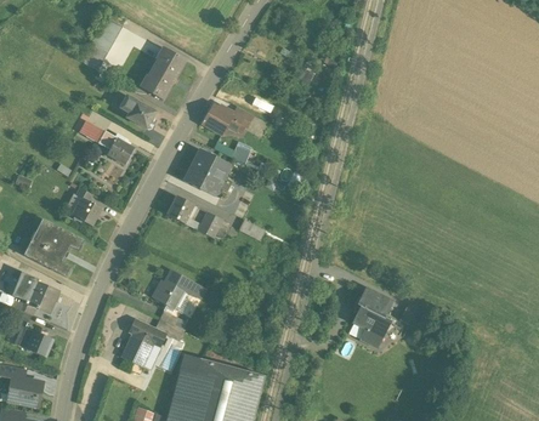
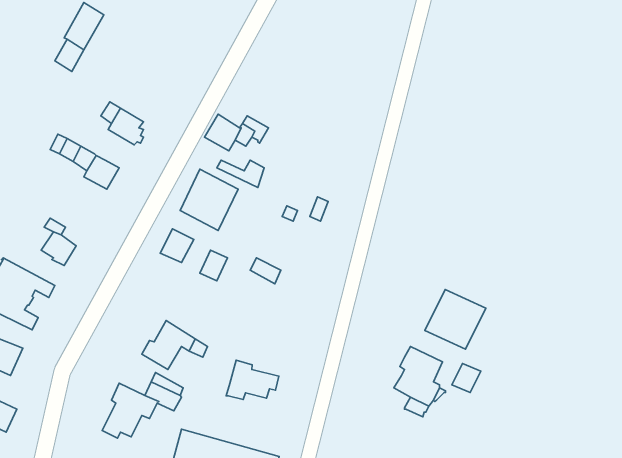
building: [138,46,183,99] -> none
building: none -> [425,289,486,349]
building: none -> [226,360,279,400]

